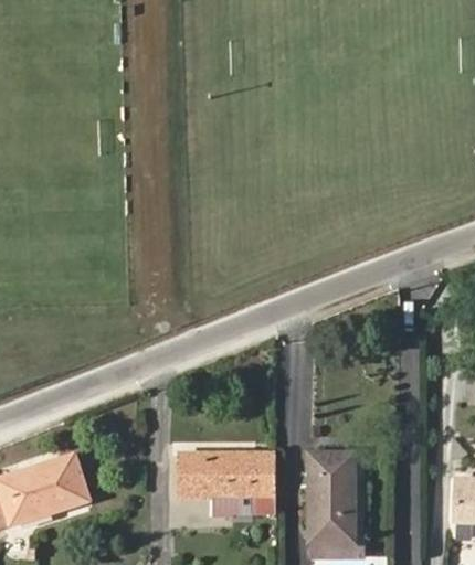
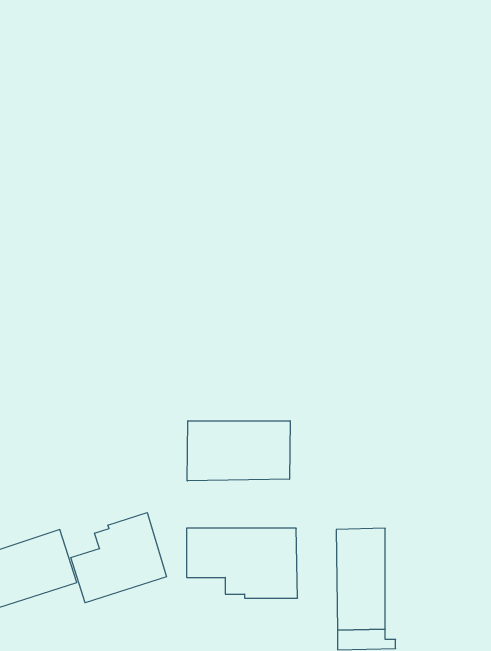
building: none -> [187,421,290,481]
building: none -> [71,513,167,603]

